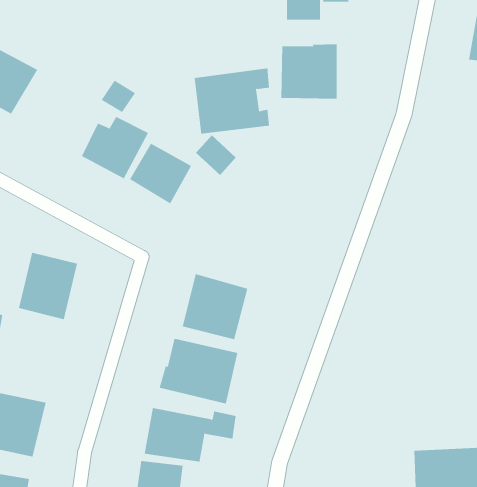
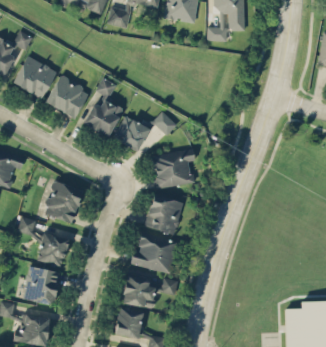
building: [281,43,337,99] -> none
building: [194,68,270,134] -> [150,148,196,188]
building: none -> [46,77,89,117]
building: none -> [38,233,68,265]

